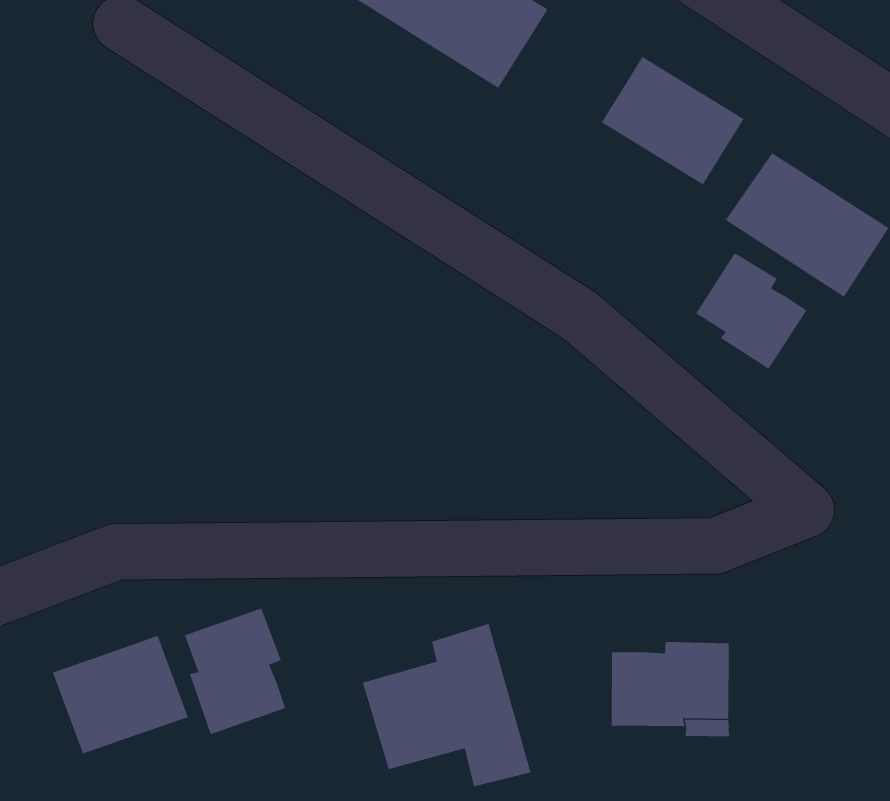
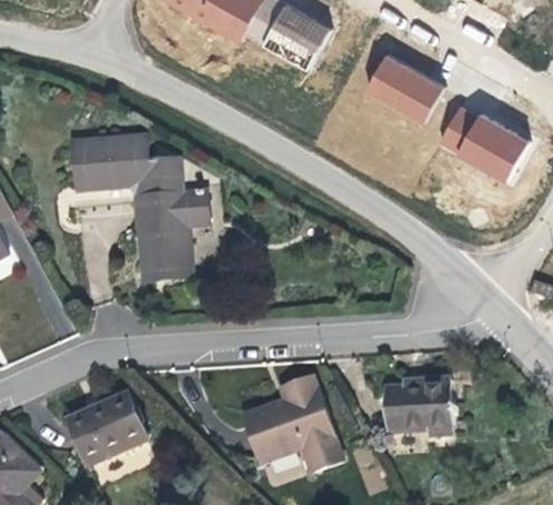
building: none -> [77,130,202,269]
building: [695,252,808,370] -> none
building: [184,607,286,735] -> none

